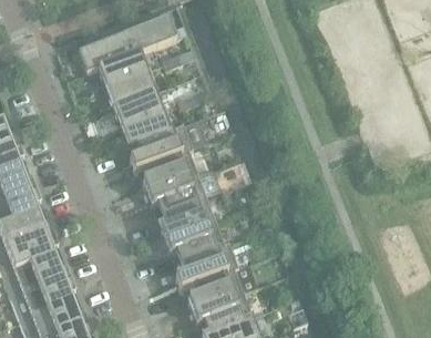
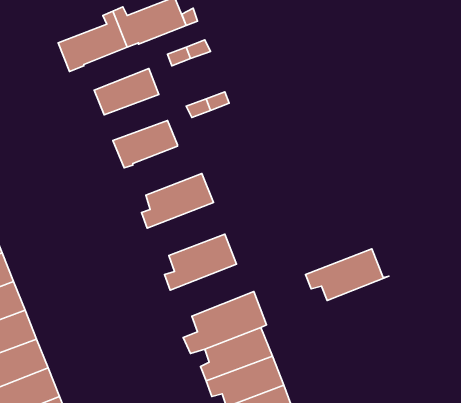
building: [99,52,148,89] -> none
building: [114,92,163,127] -> none
building: [130,125,194,174] -> none
building: [147,175,207,216] -> none
building: [165,223,229,263] -> [306,249,389,300]

